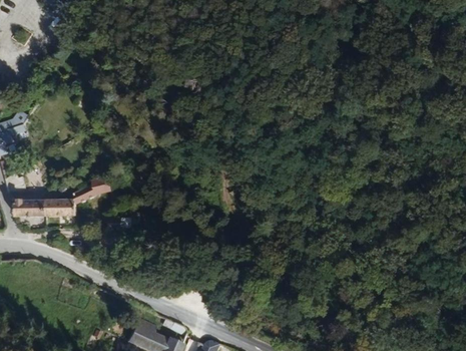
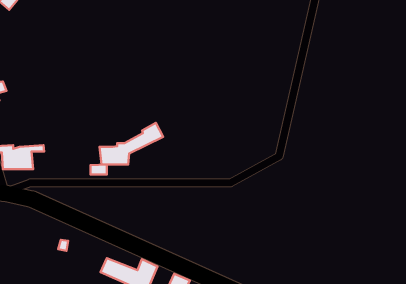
building: [44,174,113,220] -> [100,123,163,164]

